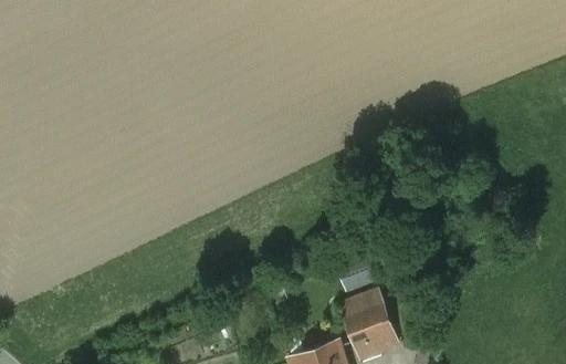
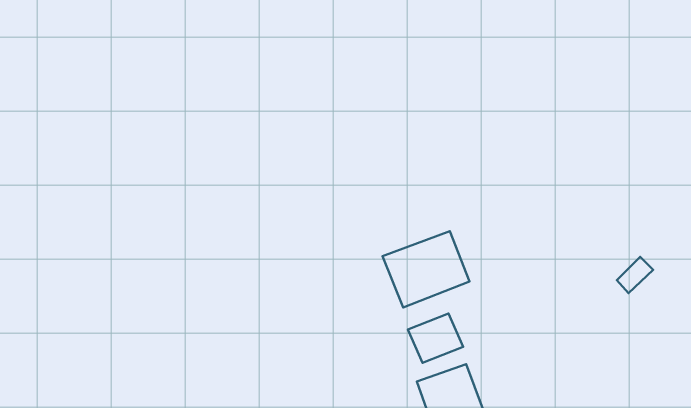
building: none -> [382,231,469,307]

